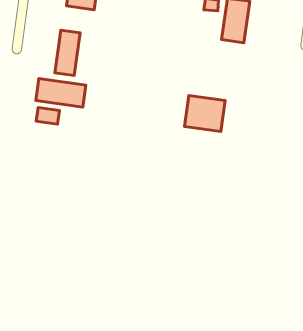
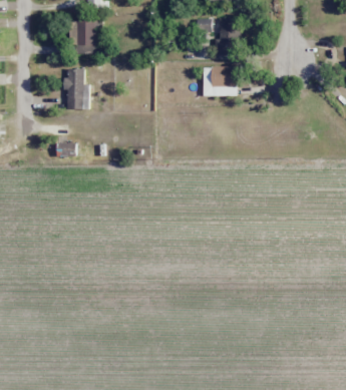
building: [36,79,86,107] -> none
building: [184,96,225,132] -> [203,66,237,95]

